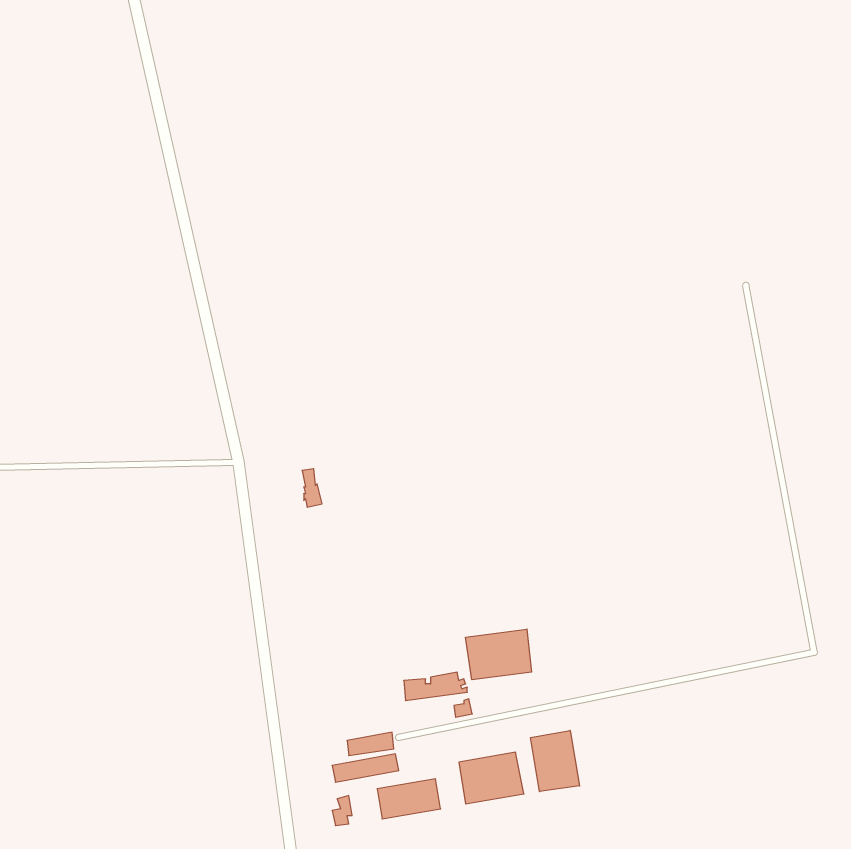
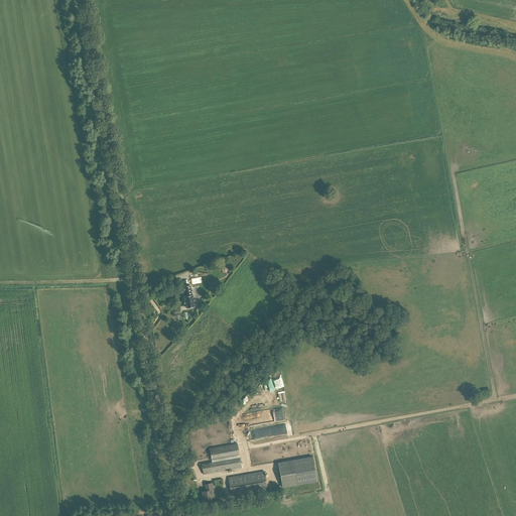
building: [466,629,531,680] -> none
building: [531,730,580,792] -> none

